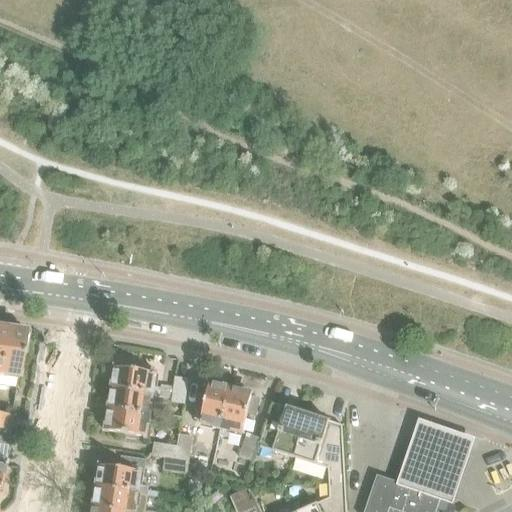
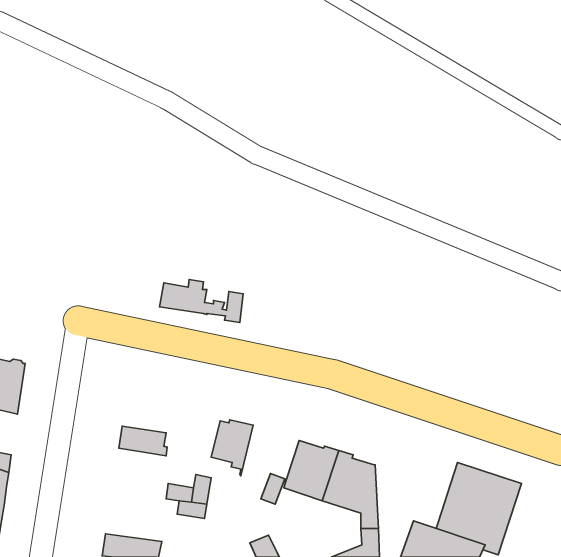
building: [111,363,187,402] -> [159,280,243,322]
building: [215,387,258,450] -> none
building: [105,408,160,439] -> none
building: [96,464,160,495] -> none

